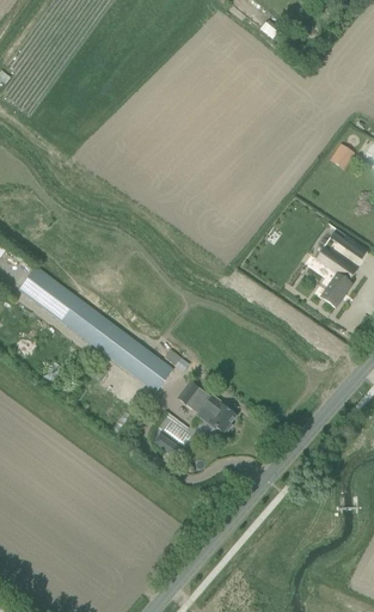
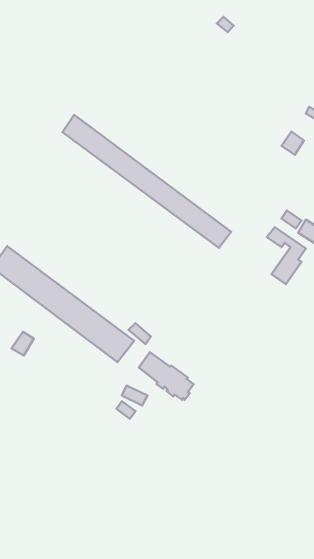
building: none -> [62,115,231,248]

